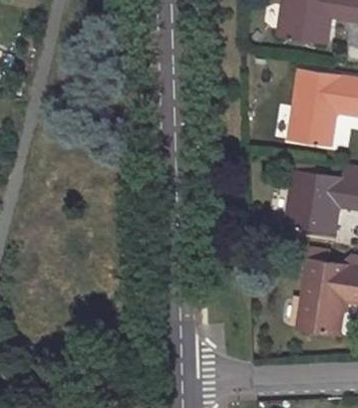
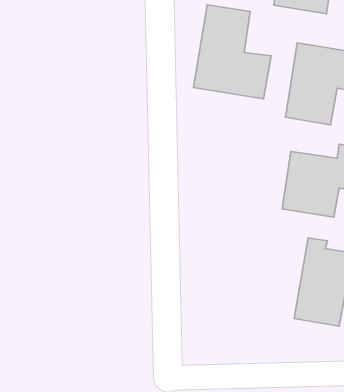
building: none -> [194,5,271,99]

